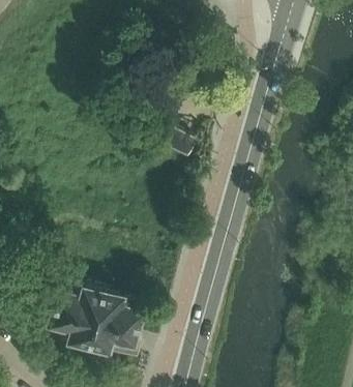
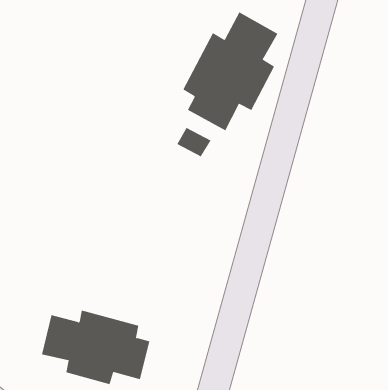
building: none -> [183,12,278,131]

